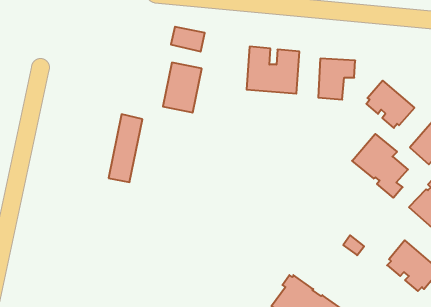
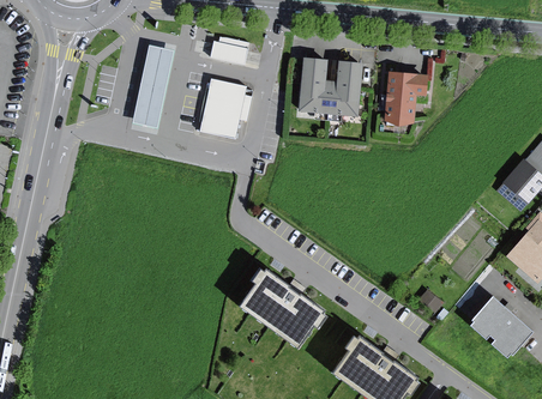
building: [366,81,414,128] -> none
building: [109,114,142,182] -> [133,47,174,128]
building: [352,134,408,198] -> none
building: none -> [236,270,323,347]

